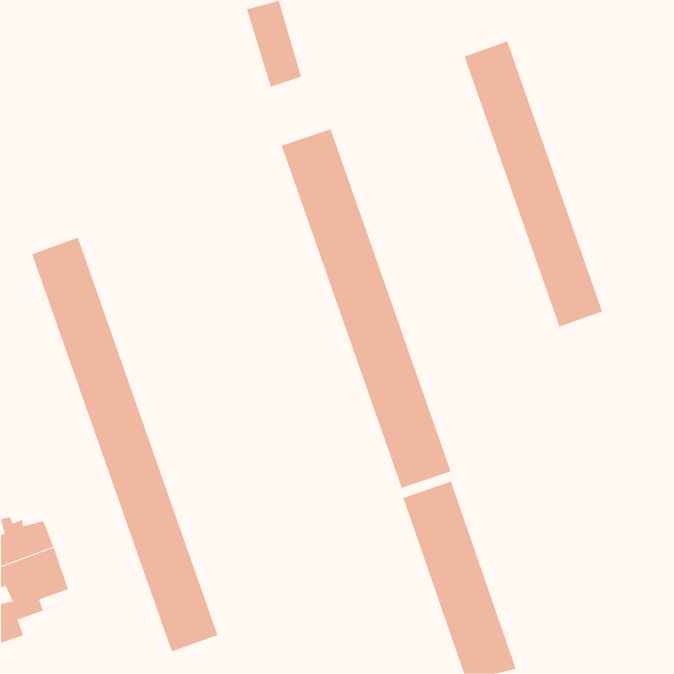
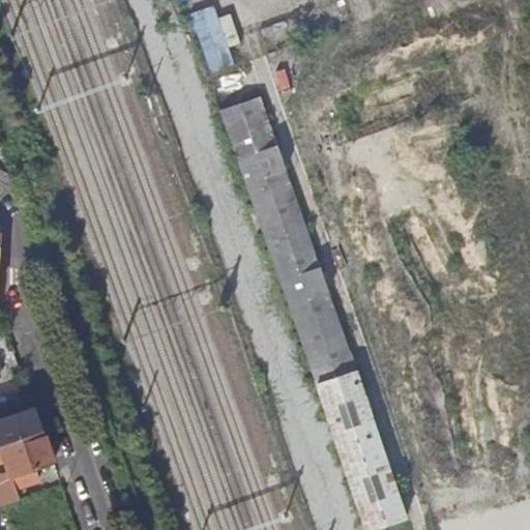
building: [464,41,603,328] -> none
building: [32,237,218,652] -> none

